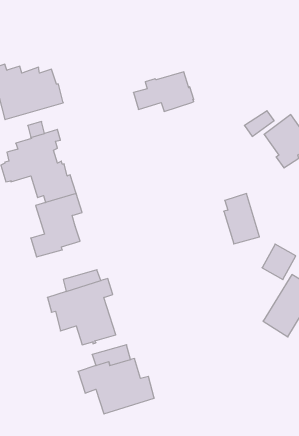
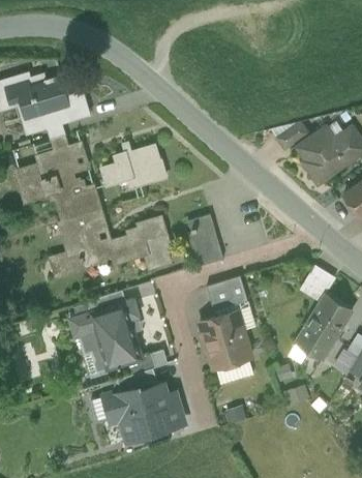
building: [133,72,194,111] -> [101,146,164,187]
building: [224,194,259,244] -> [186,214,223,267]
building: none -> [99,216,170,267]
building: none -> [206,276,247,311]
building: none -> [200,310,251,368]

